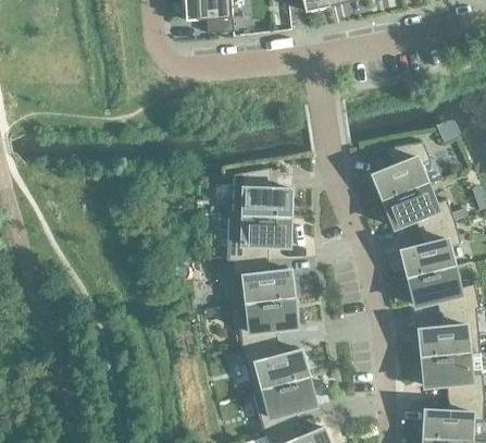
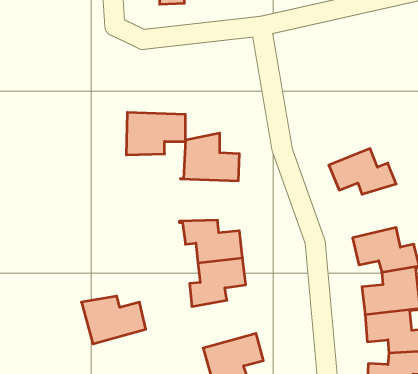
building: [372,141,428,201] -> none
building: [226,216,288,260] -> [126,112,185,155]
building: [400,221,459,278] -> none
building: [239,343,307,393] -> [81,296,146,344]

